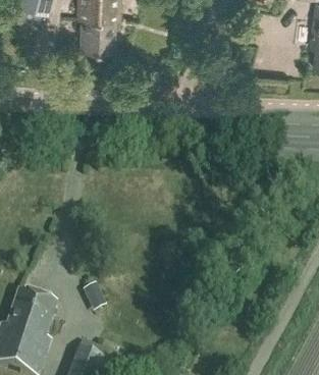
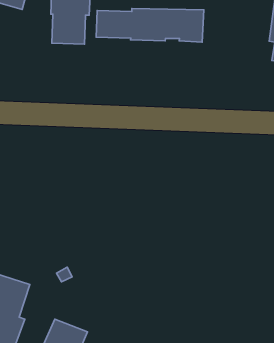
building: none -> [96,8,204,42]

